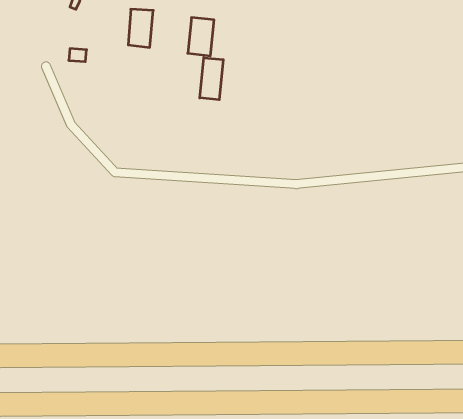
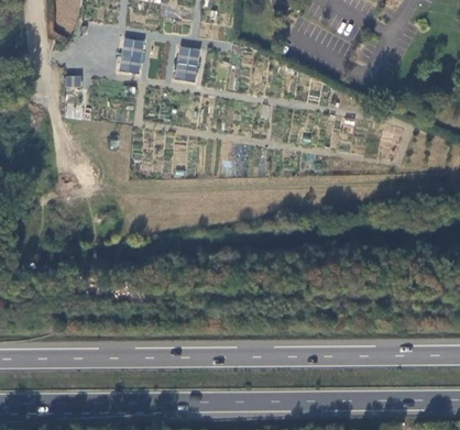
building: [200,58,223,100] -> none

